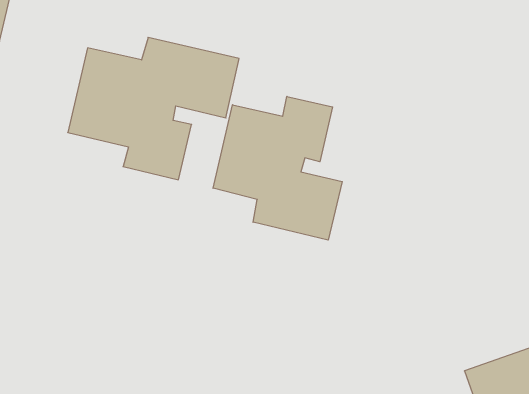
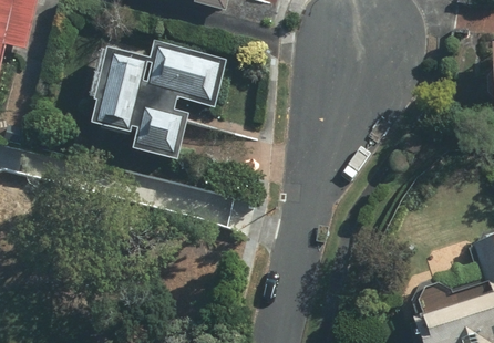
building: [213,96,342,240] -> none

